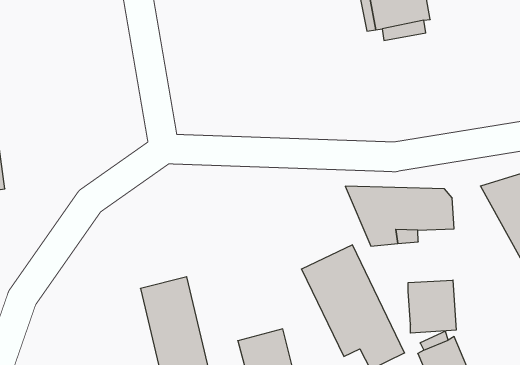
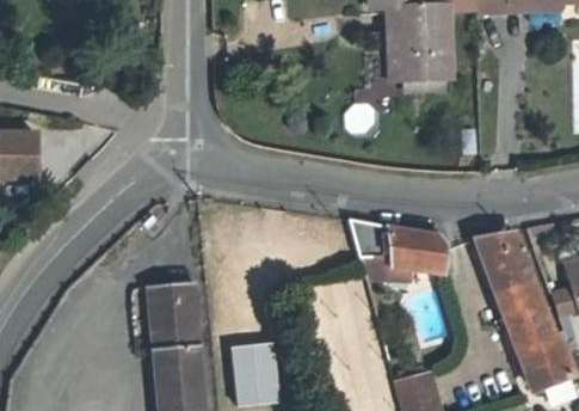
building: [408,280,456,333] -> none

